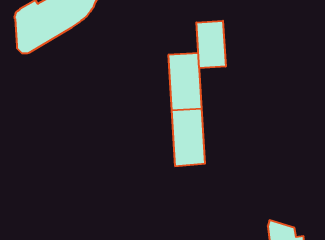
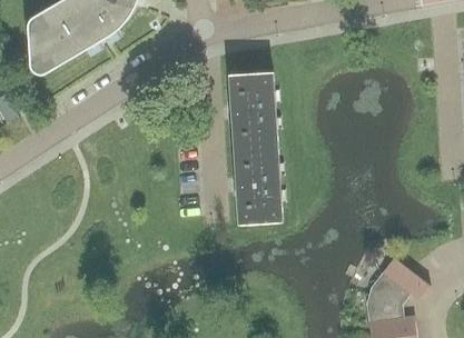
building: [196,21,226,68] -> none
building: none -> [367,257,428,305]

